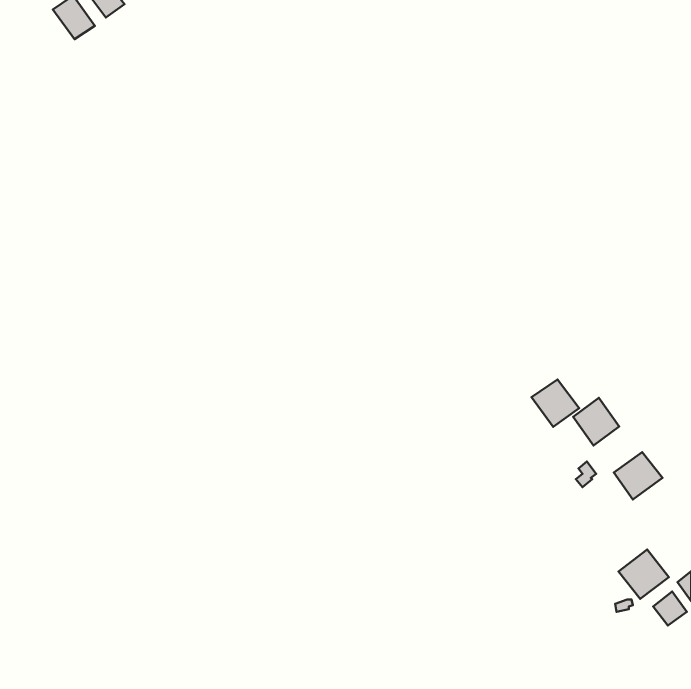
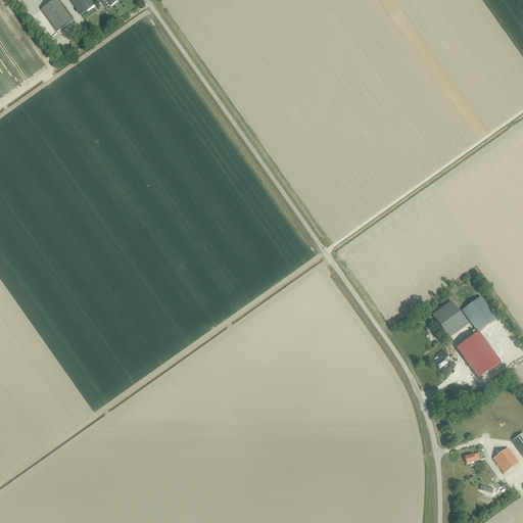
building: [532,380,579,427] -> [461,295,496,331]
building: [619,550,669,599] -> none

